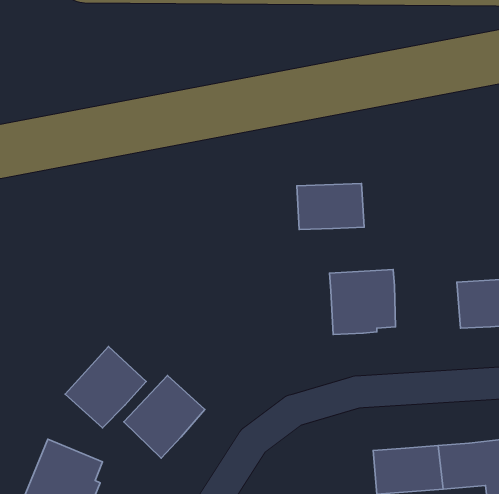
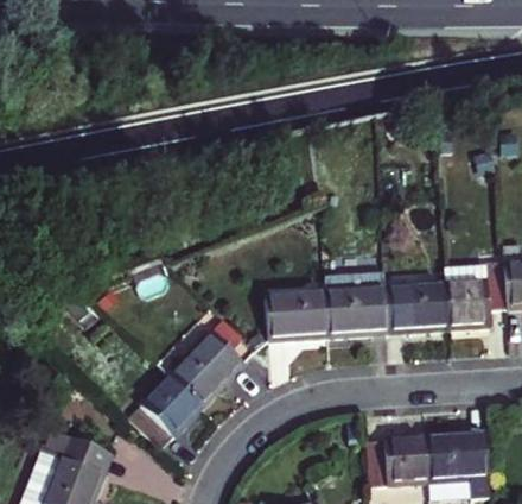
building: [297,183,364,230] -> [262,291,326,335]
building: none -> [384,283,447,328]
building: [65,347,146,428] -> [168,327,246,404]

